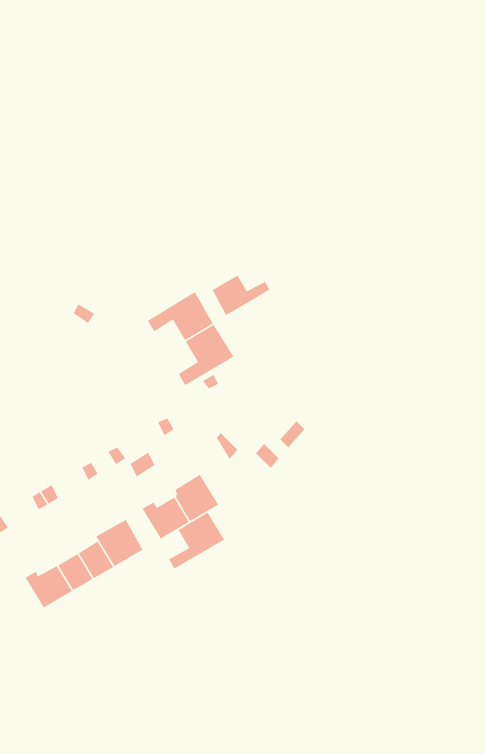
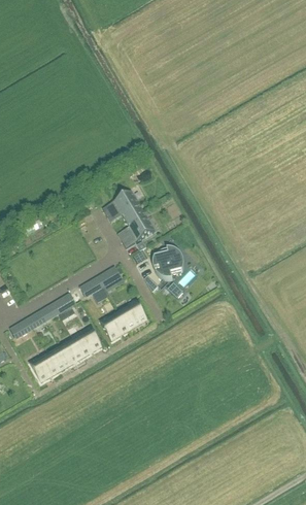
building: [212,274,271,316] -> none
building: none -> [154,247,183,278]
building: [168,512,225,569] -> none

